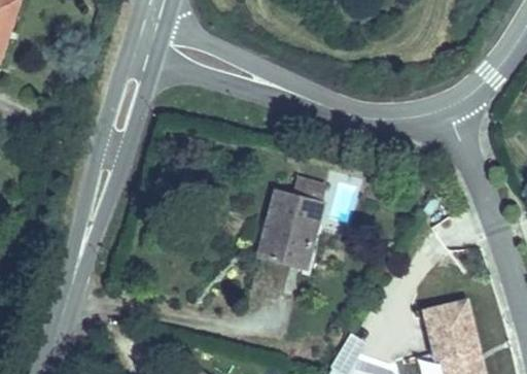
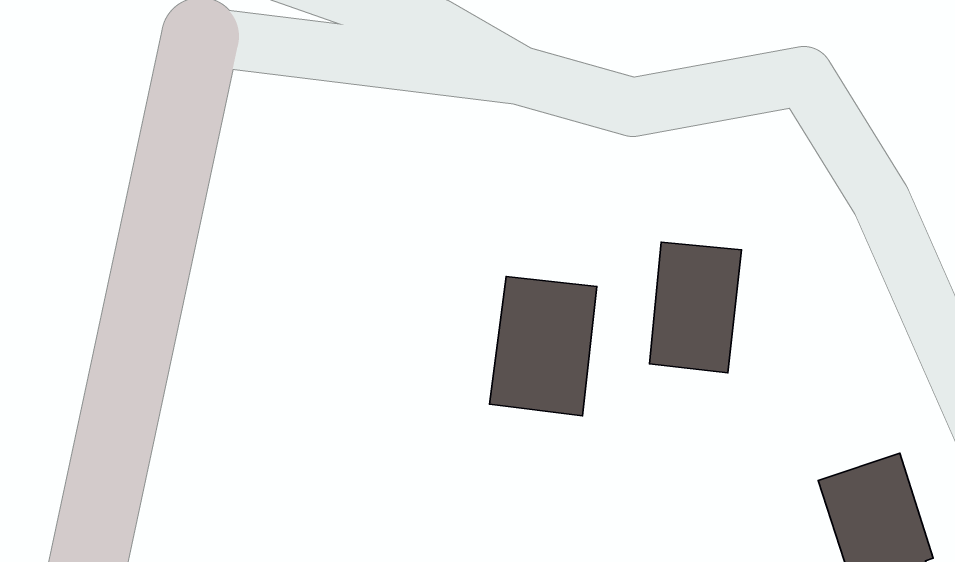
building: none -> [650,242,742,373]

